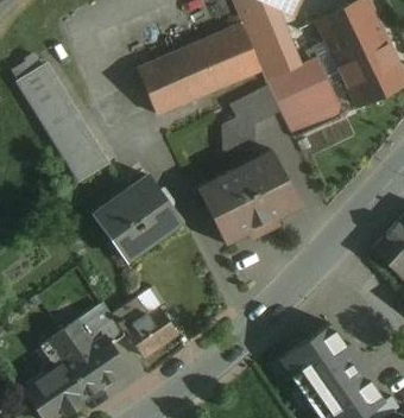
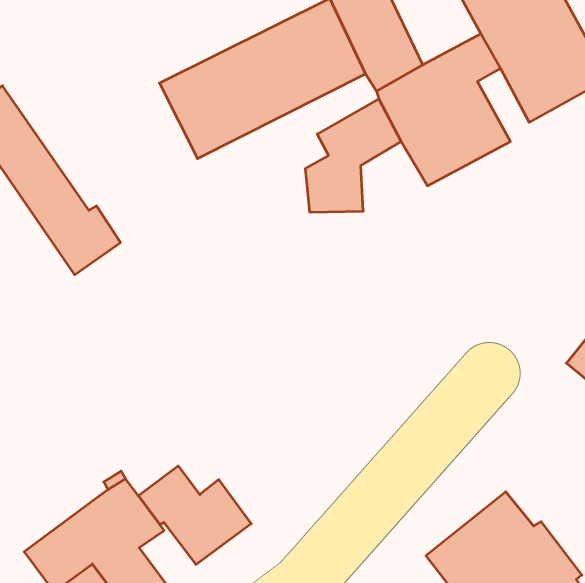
building: [197,151,299,245] -> none
building: [97,176,181,260] -> none

